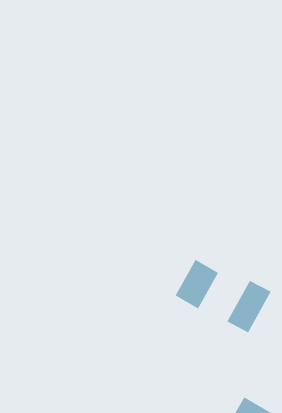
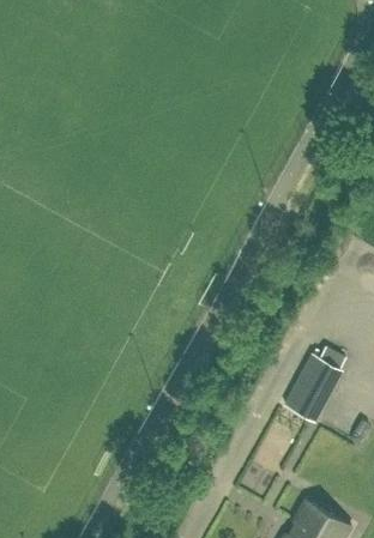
building: [175,259,219,310] -> none

